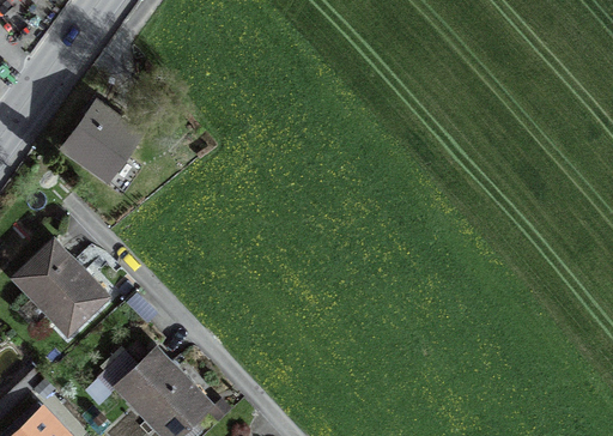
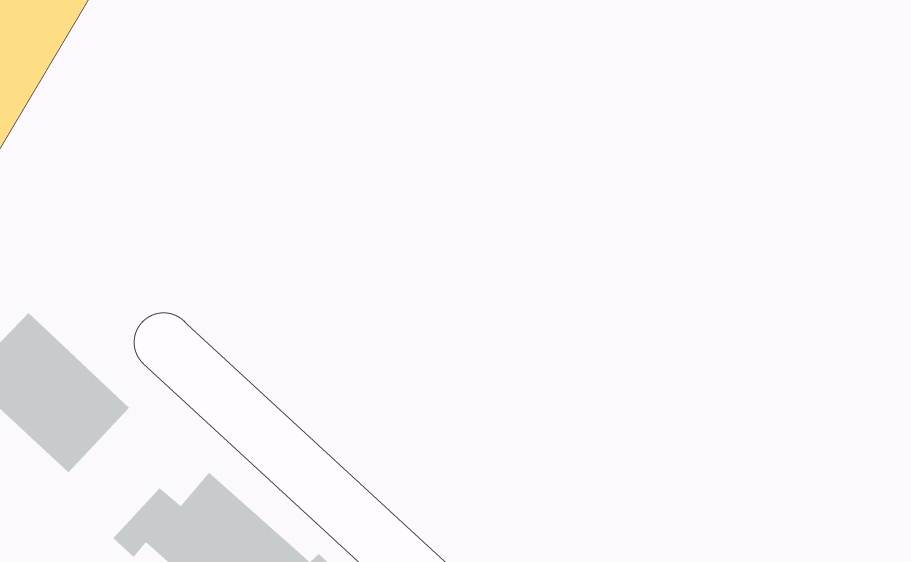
building: [59,102,141,184] -> none

